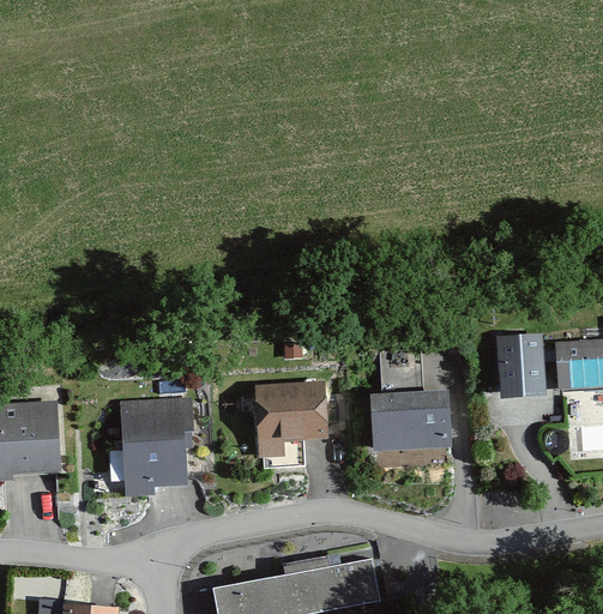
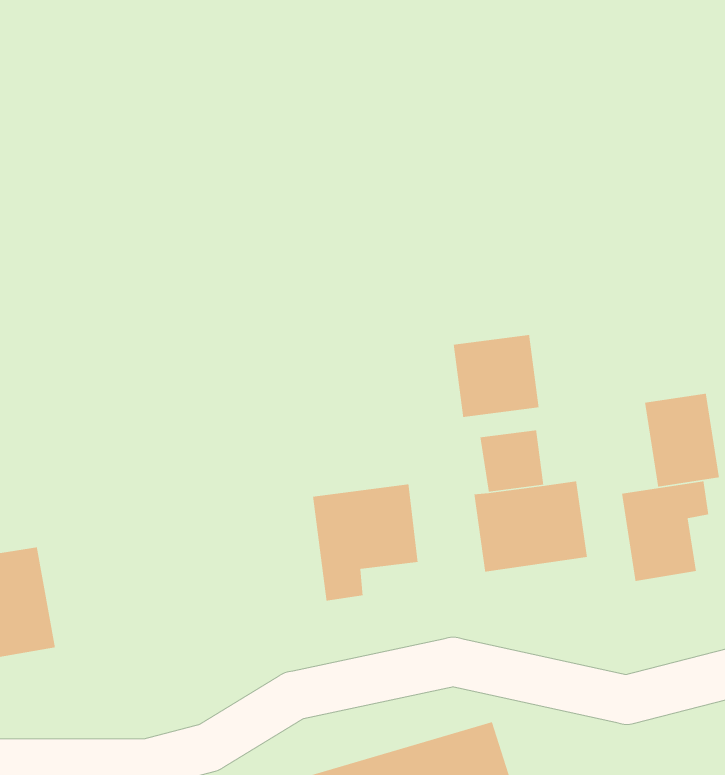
building: none -> [453,334,539,418]
building: [117,397,189,488] -> none
building: none -> [621,480,709,582]

